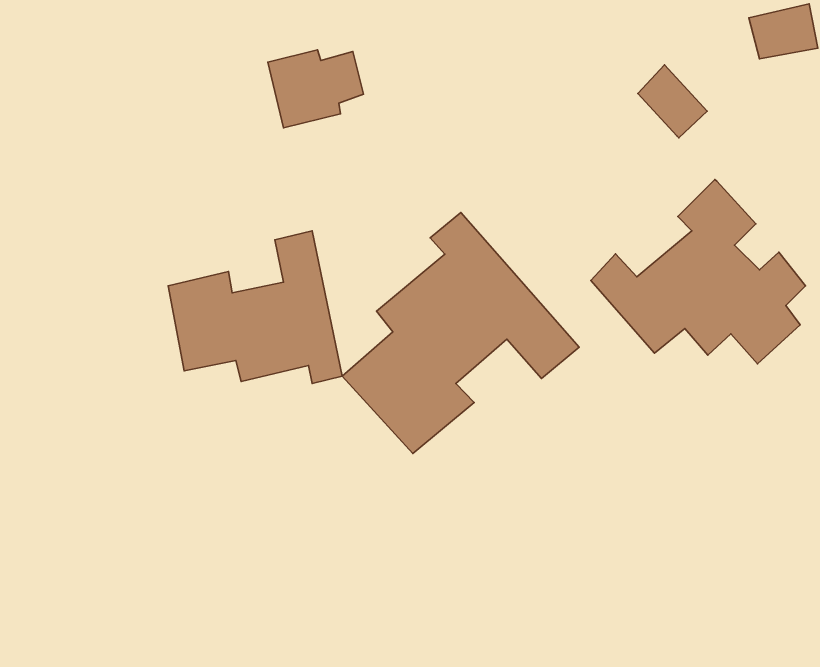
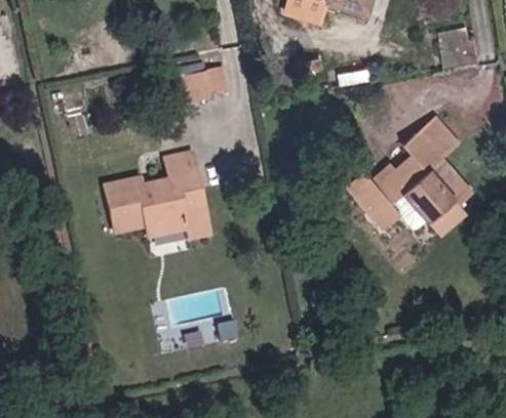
building: [638,65,707,138] -> [423,116,463,158]
building: [342,212,579,453] -> none

